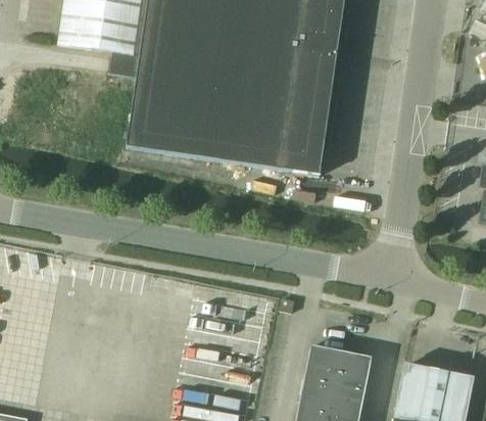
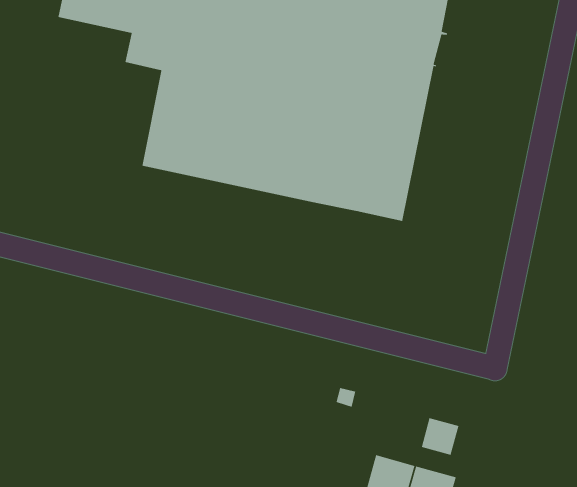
building: none -> [421,417,459,456]

